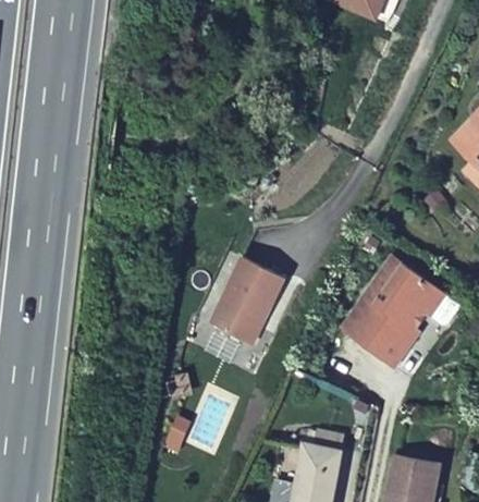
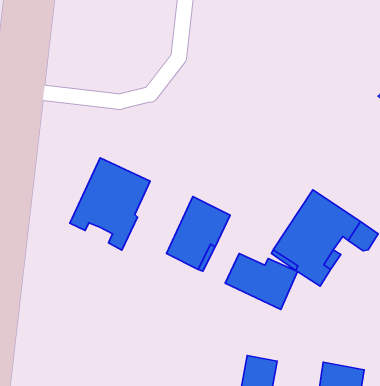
building: none -> [70,158,150,250]
building: none -> [225,254,297,309]

